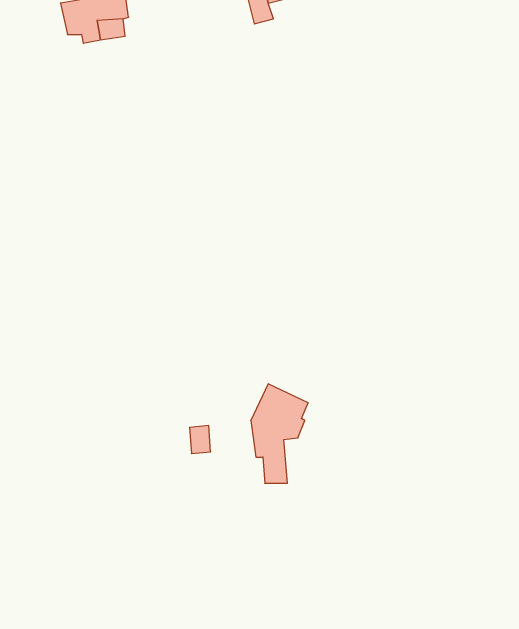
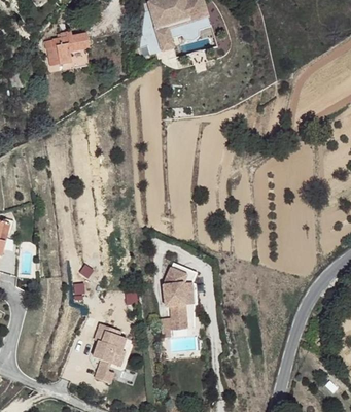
building: none -> [91,325,124,384]

